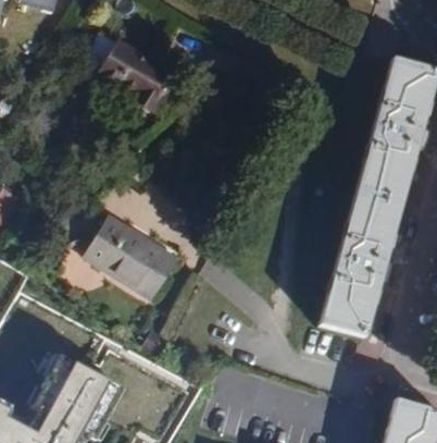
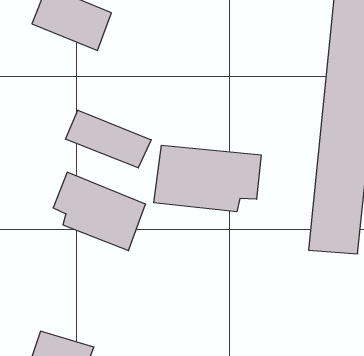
building: none -> [66,110,151,168]
building: none -> [154,145,261,212]

